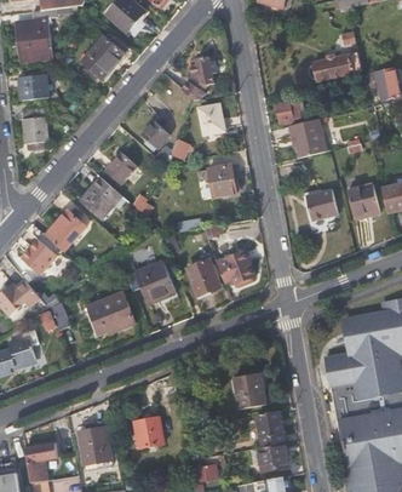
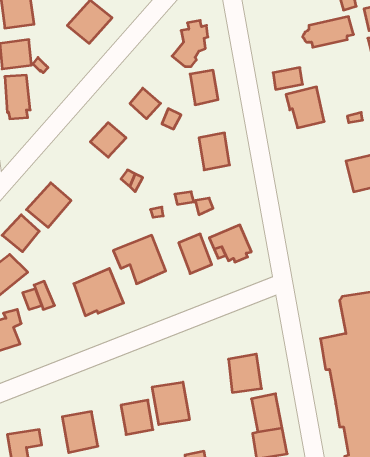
building: [79,177,122,219] -> none
building: [306,189,338,222] -> none
building: none -> [152,382,189,425]

